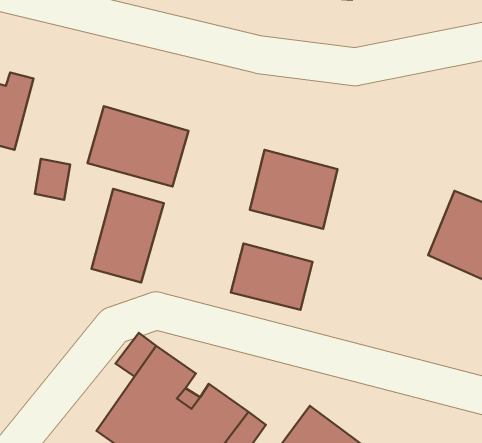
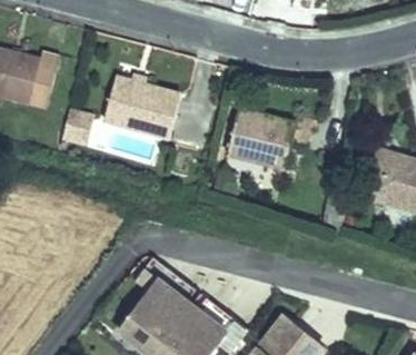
building: [91,189,164,282] -> none
building: [231,243,313,310] -> none

